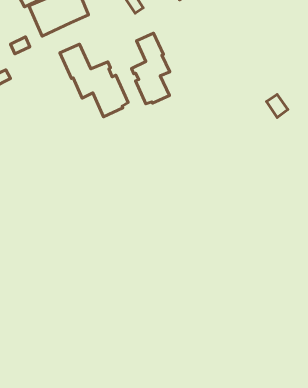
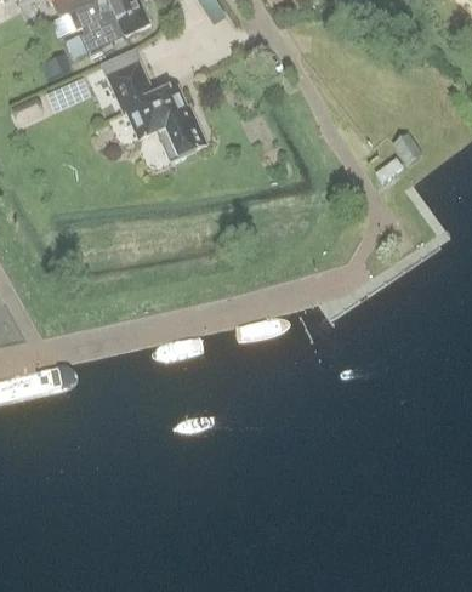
building: [132,33,170,104] -> none

